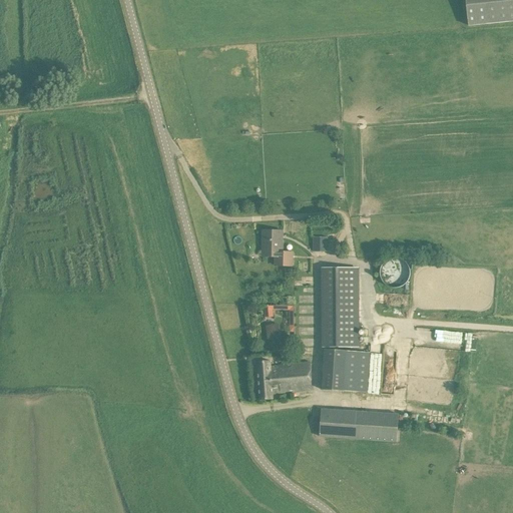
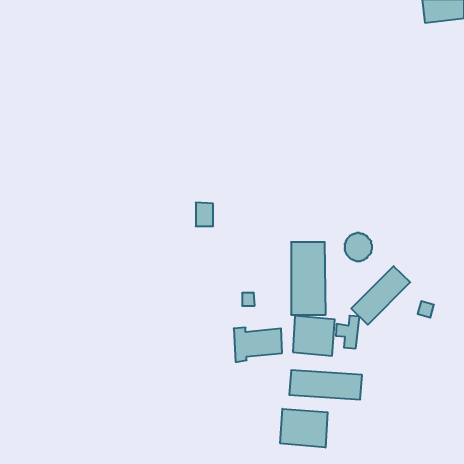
building: [263,229,282,255] -> [196,203,213,226]
building: none -> [351,266,410,325]
building: none -> [280,409,328,448]

